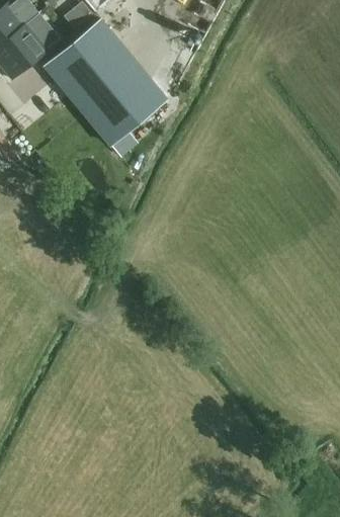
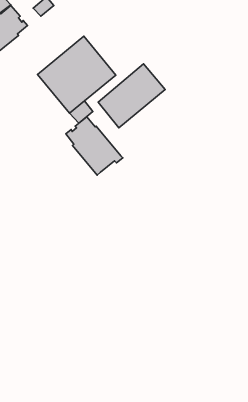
building: [45,18,126,96] -> [98,64,165,128]
building: none -> [66,117,123,175]

